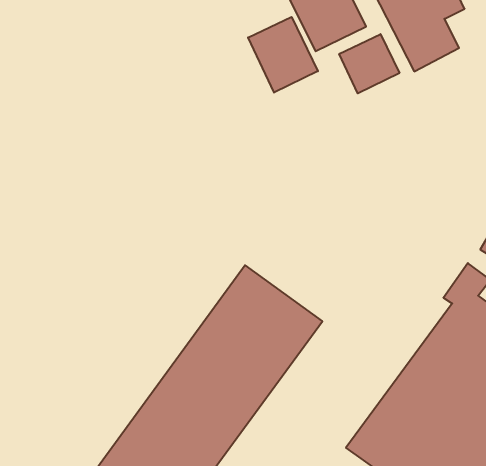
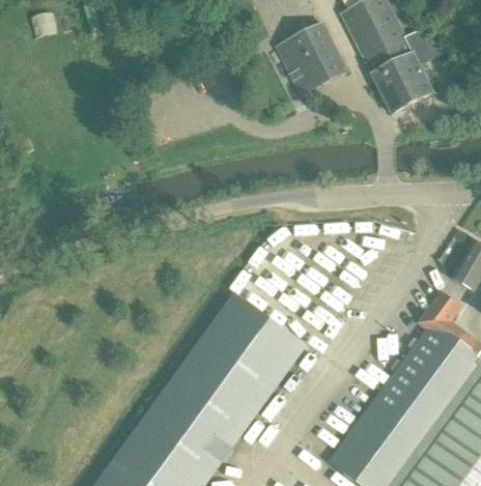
building: [248,17,318,93] -> none
building: [339,34,399,93] -> none

